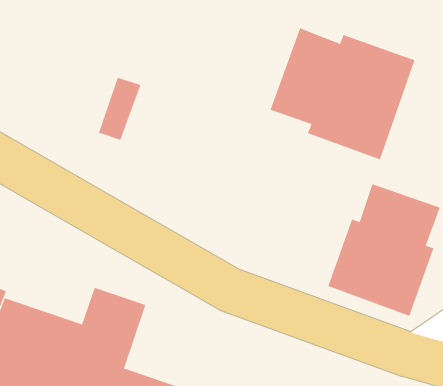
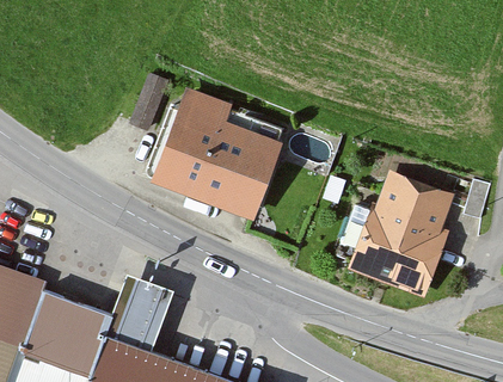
building: [270,28,415,160] -> none
building: none -> [151,92,280,221]

